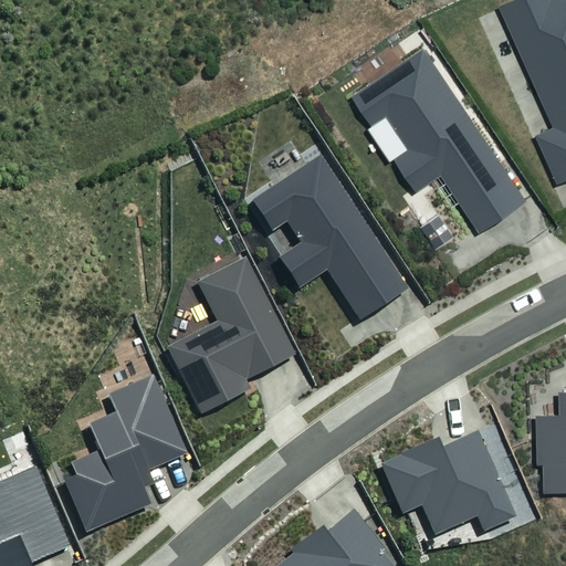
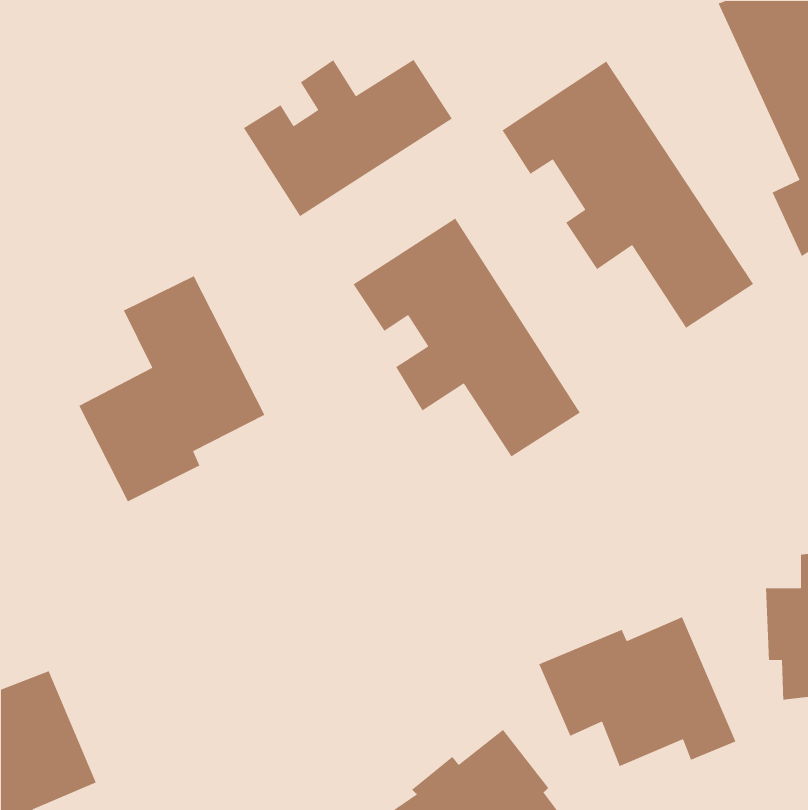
building: none -> [243,59,453,217]
building: [164,256,294,415] -> [78,275,266,502]
building: [60,373,187,535] -> none

